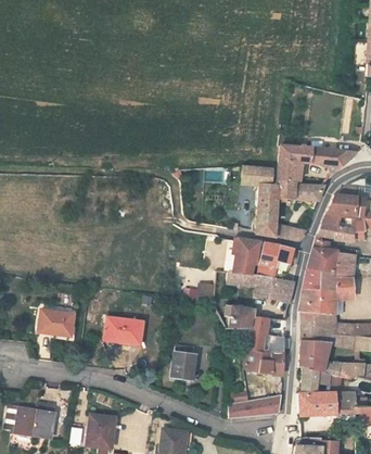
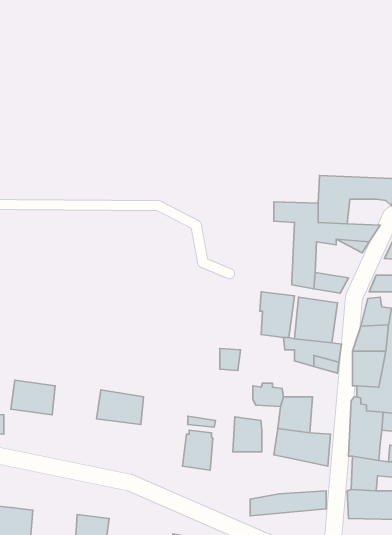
building: none -> [233,417,262,452]

